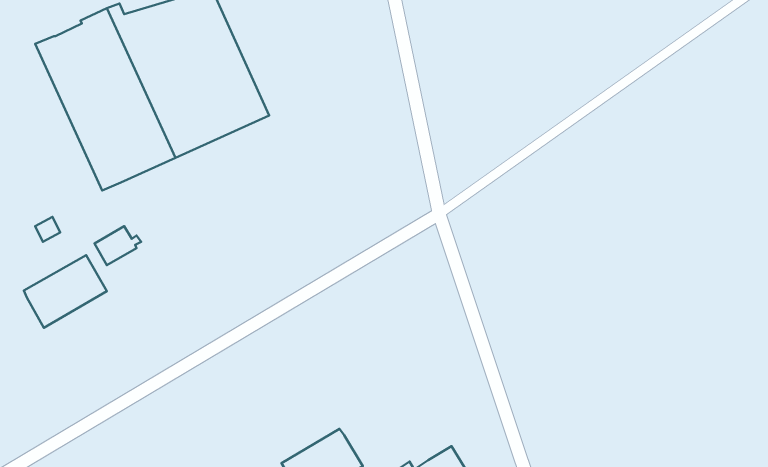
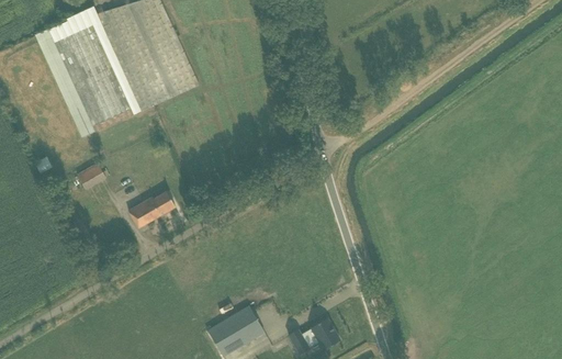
building: [24,255,107,328] -> none
building: none -> [130,191,177,227]

